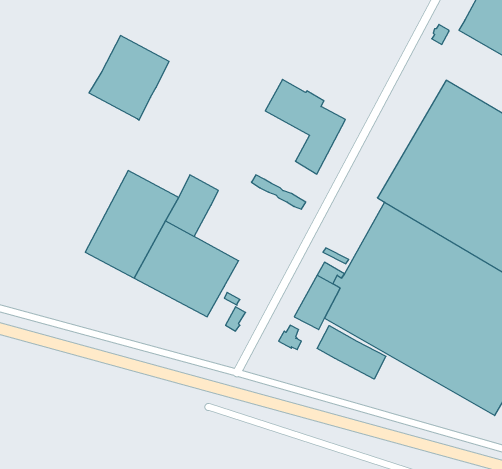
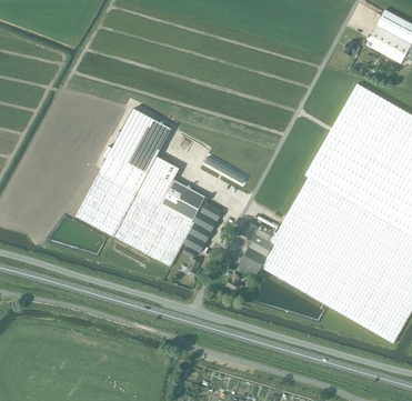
building: [89,36,169,120] -> [109,108,171,173]
building: [265,79,345,174] -> [160,179,222,252]
building: [317,326,386,379] -> none

